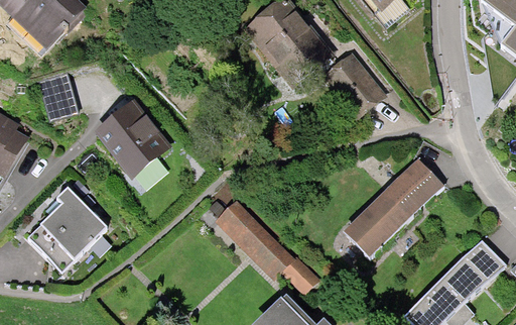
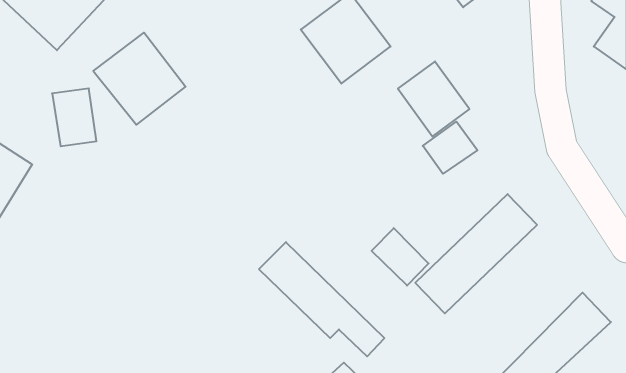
building: [97,102,172,178] -> [93,33,186,125]
building: none -> [423,122,477,174]
building: [27,184,111,273] -> none
building: none -> [372,228,429,286]

